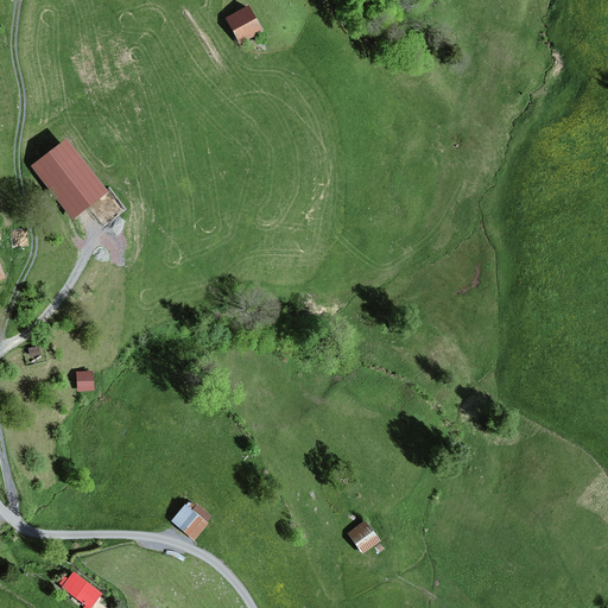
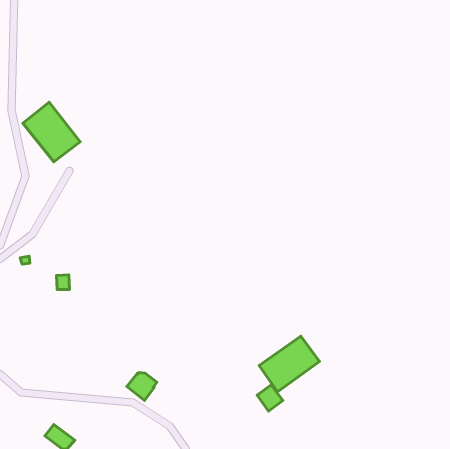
building: [226,5,262,44] -> none
building: none -> [259,336,319,392]

